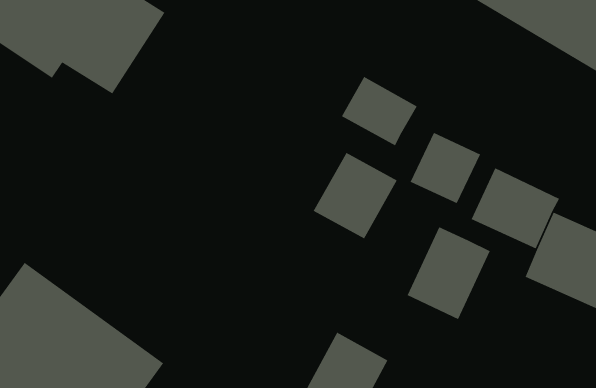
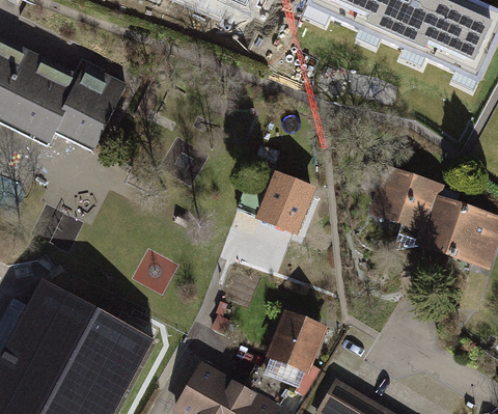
building: [341,76,418,147] -> none
building: [410,132,481,204] -> none
building: [407,226,491,320] -> none

